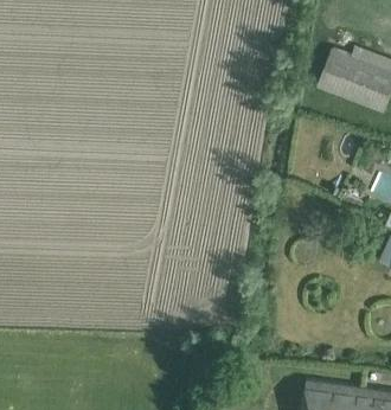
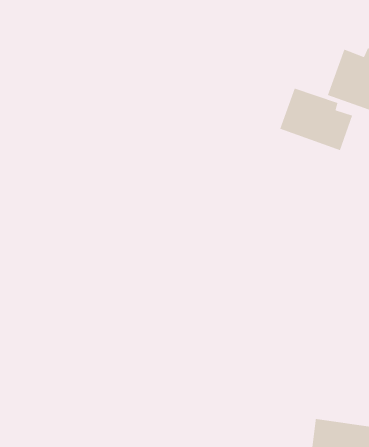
building: none -> [279,87,353,151]

